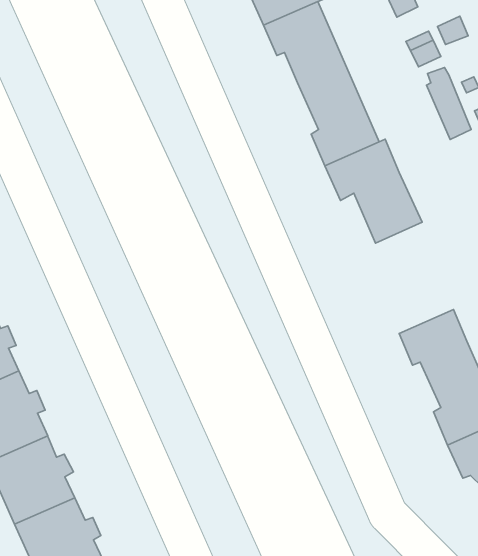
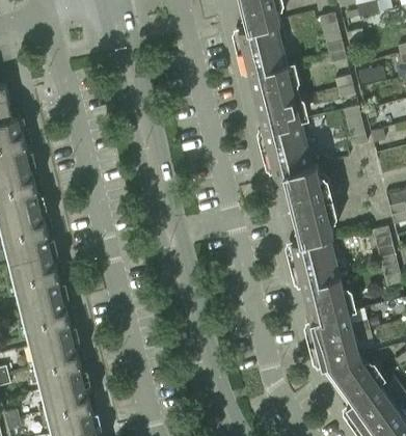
building: none -> [291,196,339,265]

